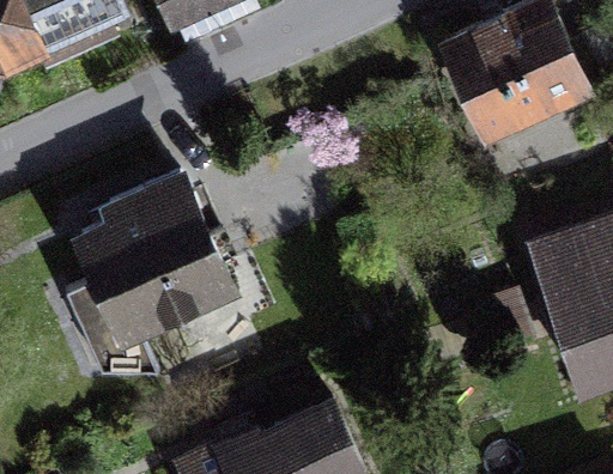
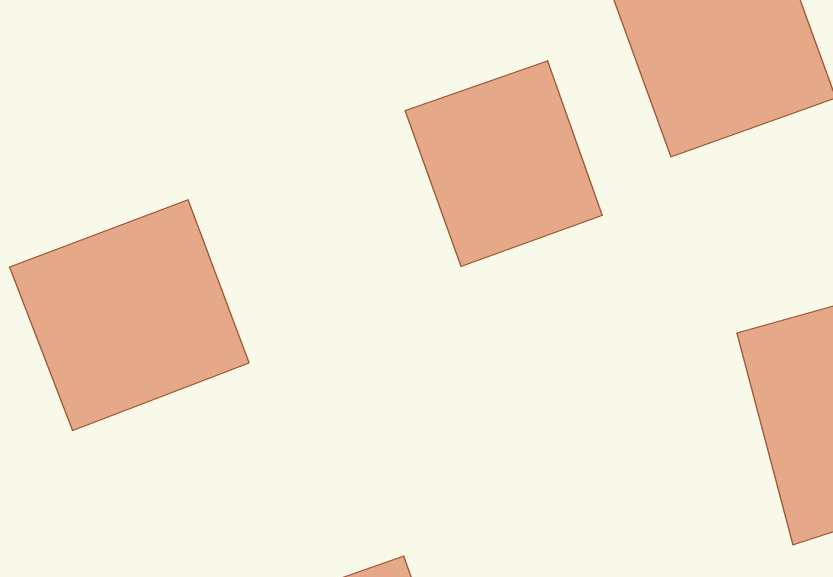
building: none -> [405,61,602,267]

